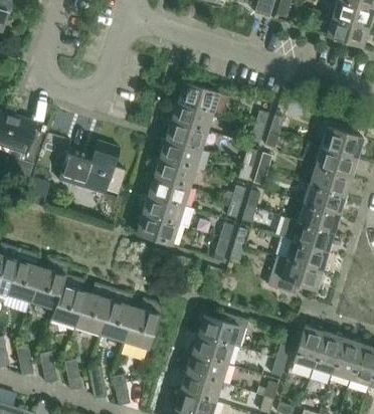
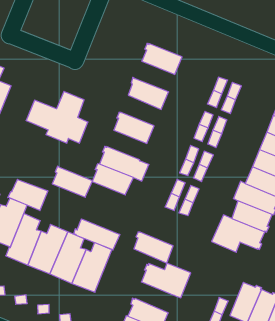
building: [171,101,213,132] -> none
building: [160,139,202,169] -> none
building: [148,176,190,206] -> [52,166,92,197]
building: none -> [8,179,48,211]
building: none -> [74,219,120,250]
building: [192,335,233,365] -> [134,232,173,263]

